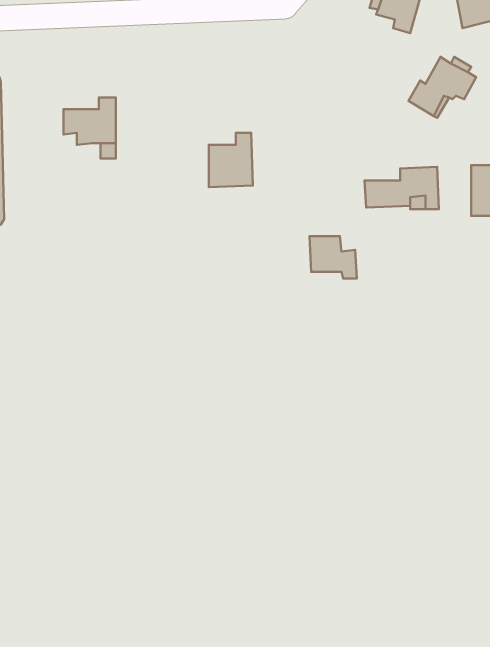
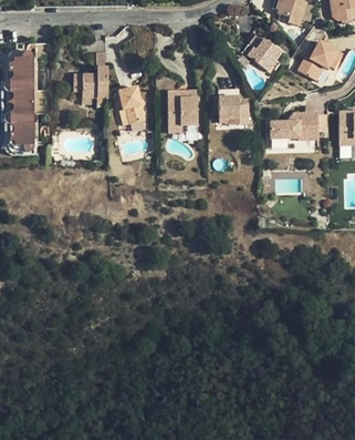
building: none -> [247,31,282,71]
building: none -> [118,86,145,123]
building: [309,236,357,279] -> [218,95,249,123]

